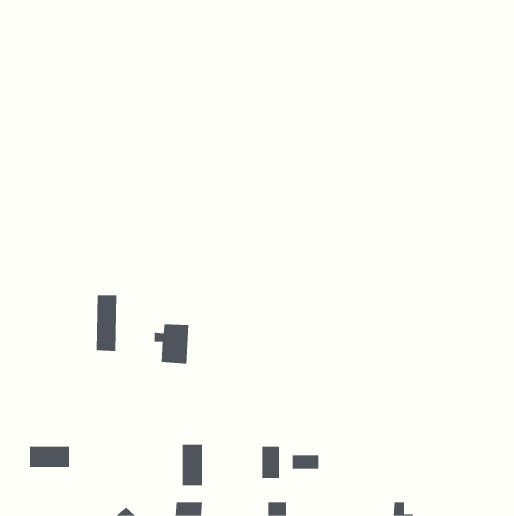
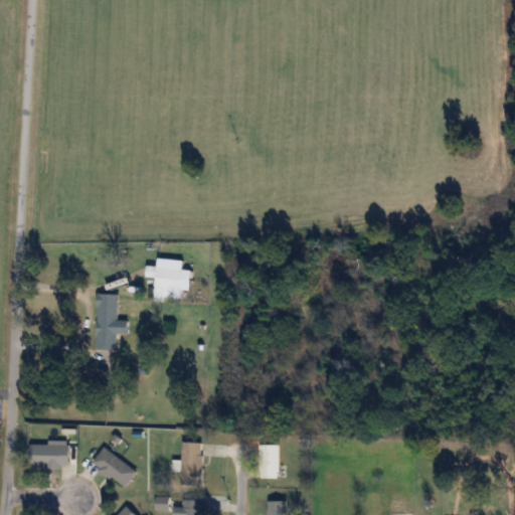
building: [154,324,189,364] -> [147,259,182,299]
building: none -> [92,447,136,488]
building: [292,455,319,470] -> none

